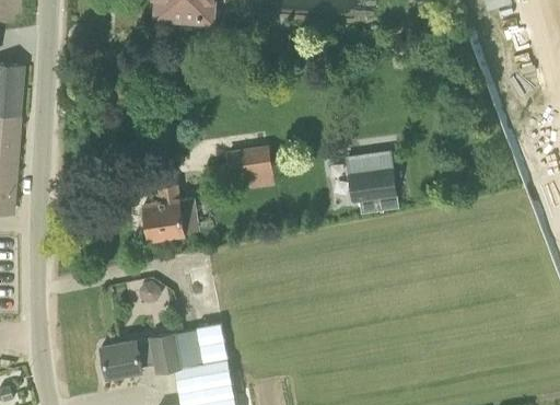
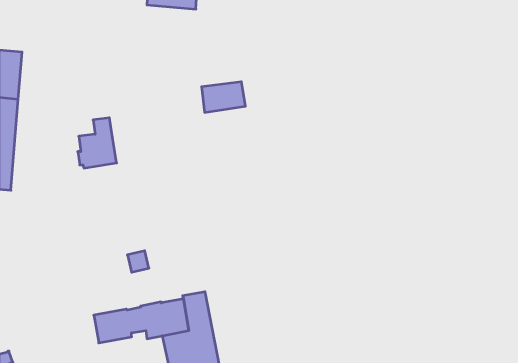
building: [226,148,273,181] -> [202,82,245,112]
building: [347,154,397,213] -> none
building: [142,187,184,241] -> [78,118,117,168]

